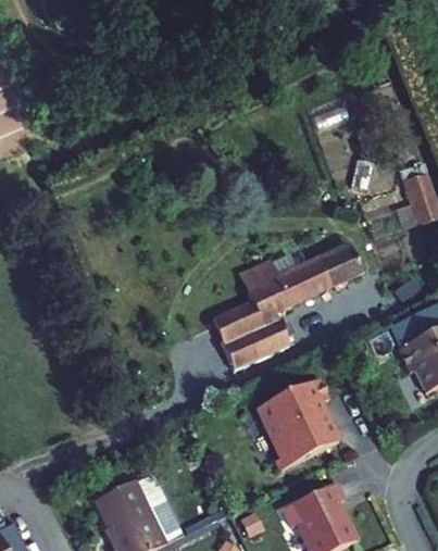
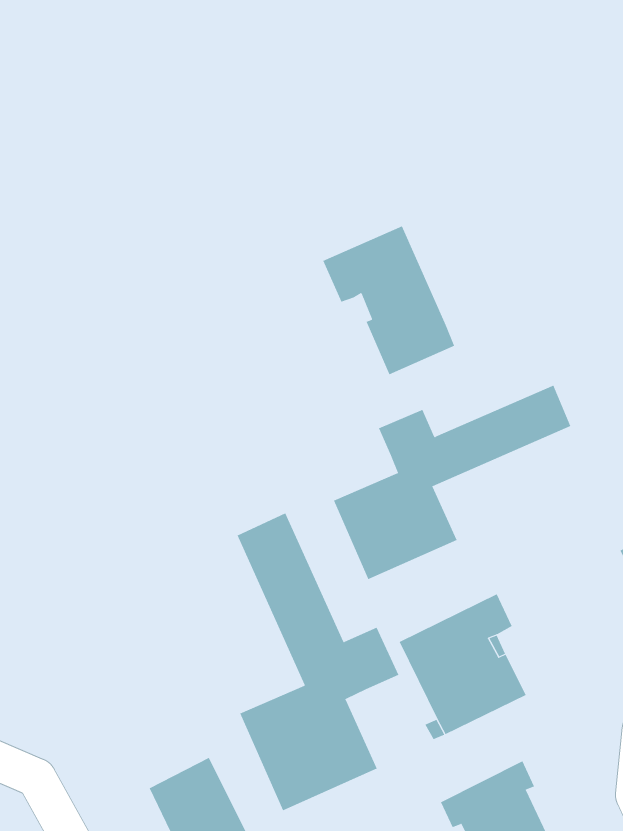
building: none -> [322,226,455,375]
building: none -> [237,512,399,811]

